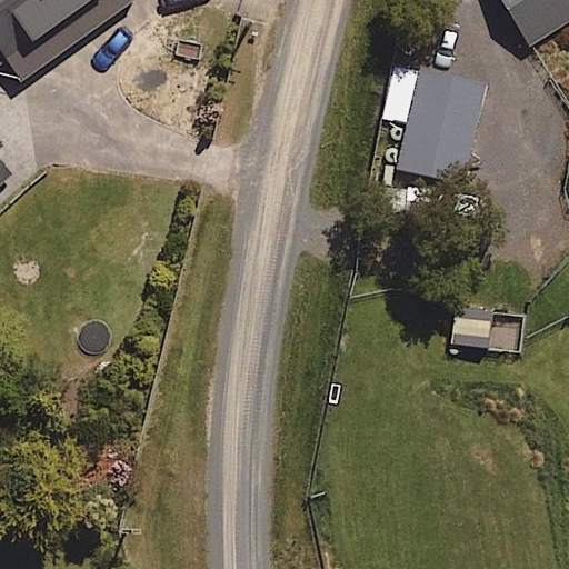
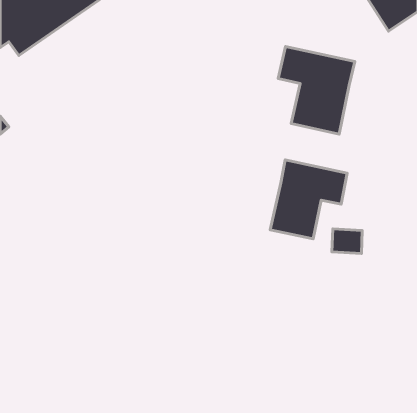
building: none -> [270,160,347,239]

